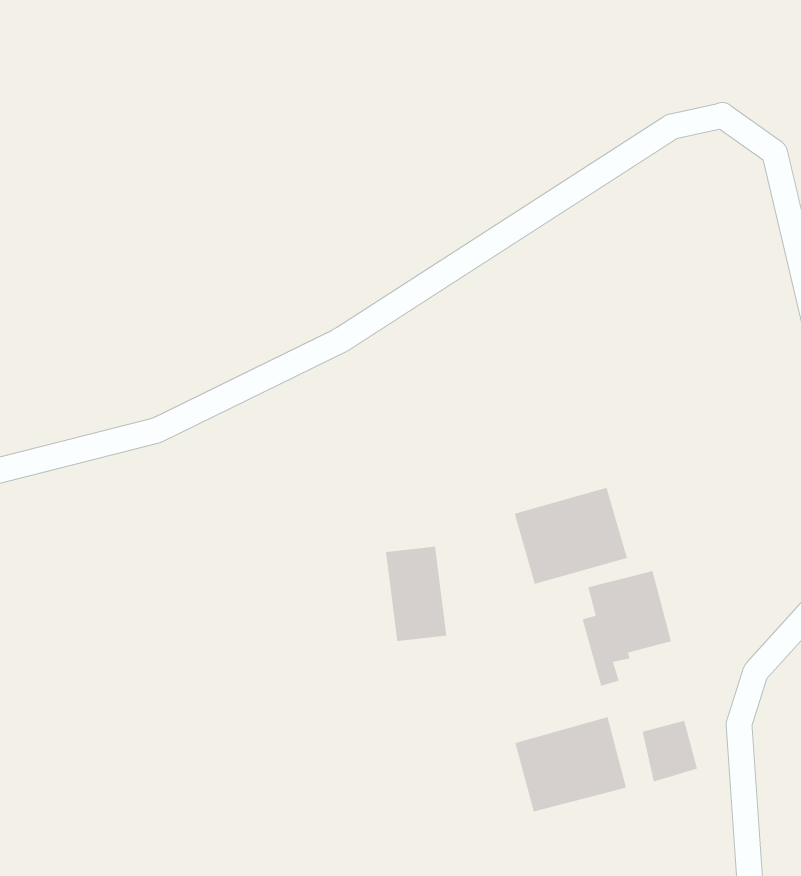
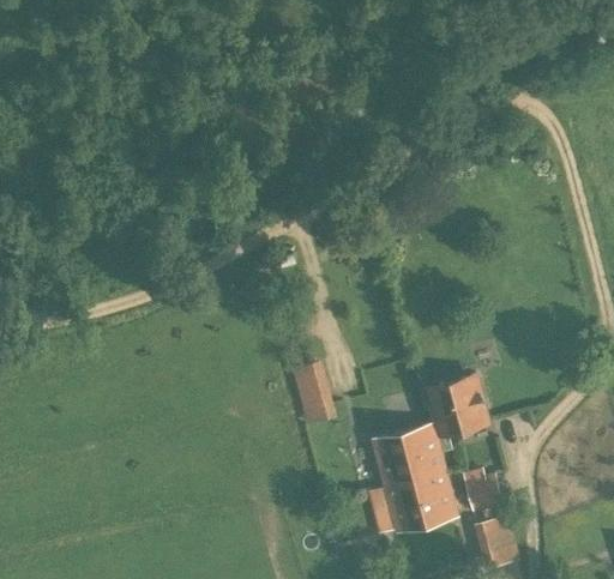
building: [514,487,628,585] -> [368,427,441,489]
building: none -> [478,515,518,557]

